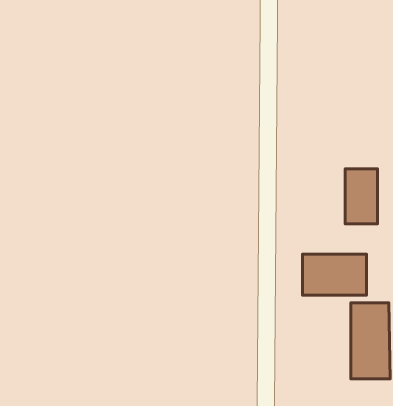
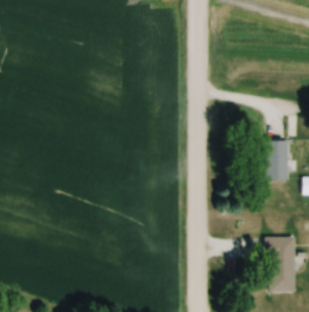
building: [302,254,366,295] -> none

